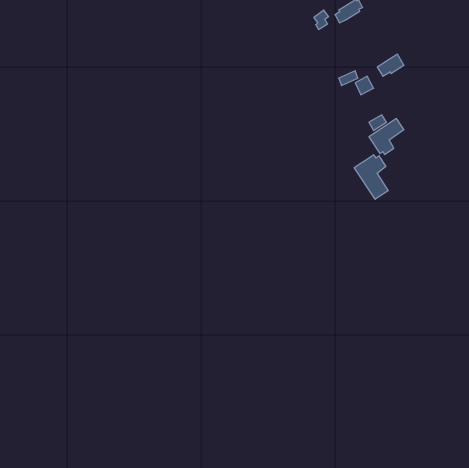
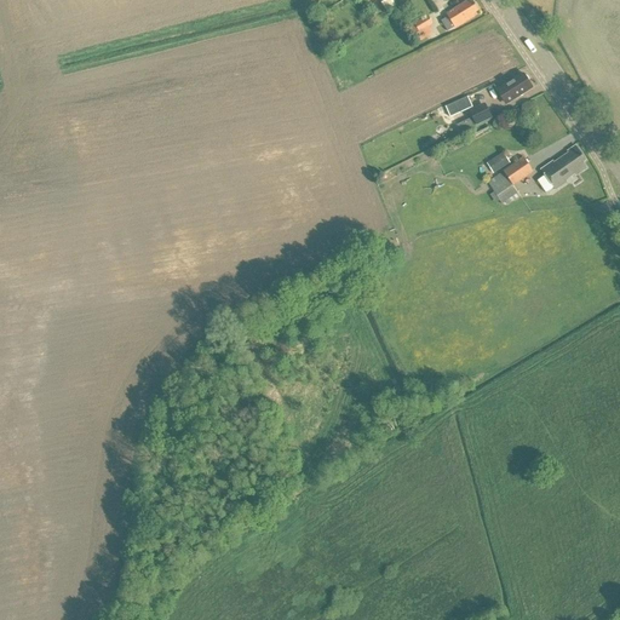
building: none -> [540,143,587,188]
building: [354,155,388,199] -> none

